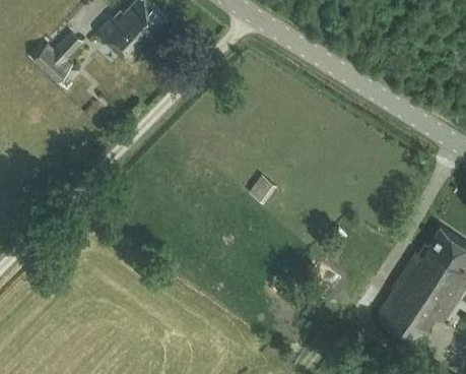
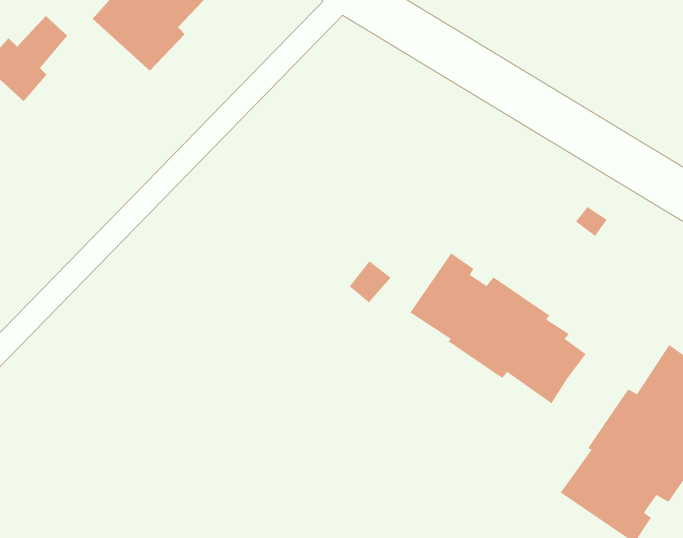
building: none -> [410,252,587,404]

